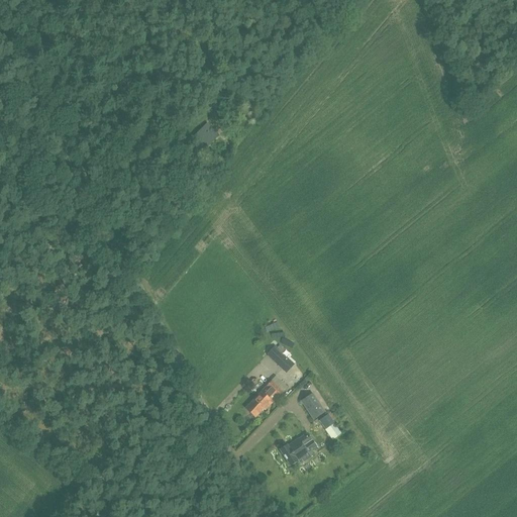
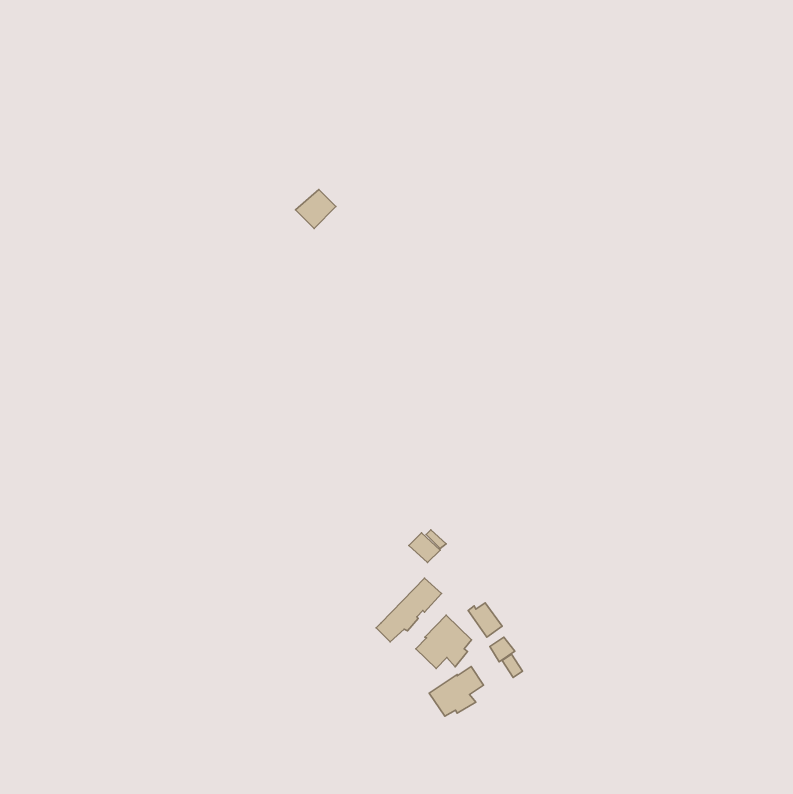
building: none -> [416,615,471,669]

